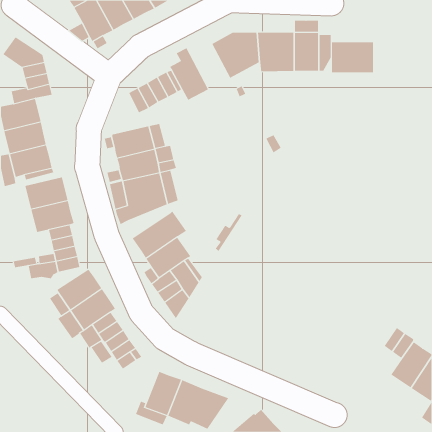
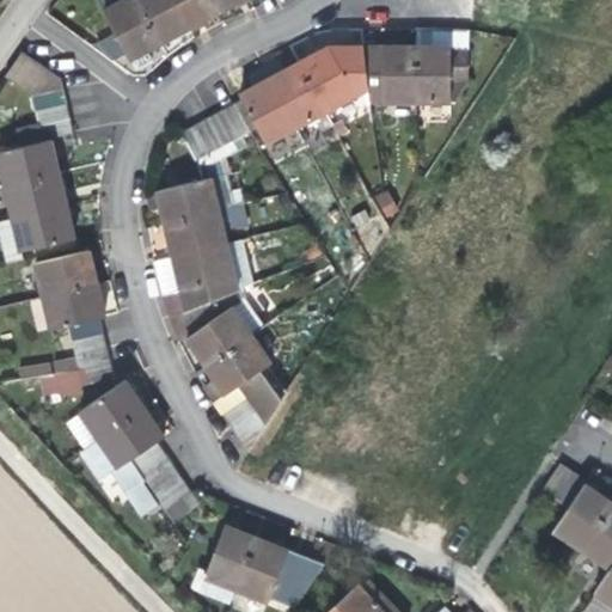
building: [331,41,374,73] -> none
building: none -> [264,60,325,127]
building: none -> [170,289,240,343]

